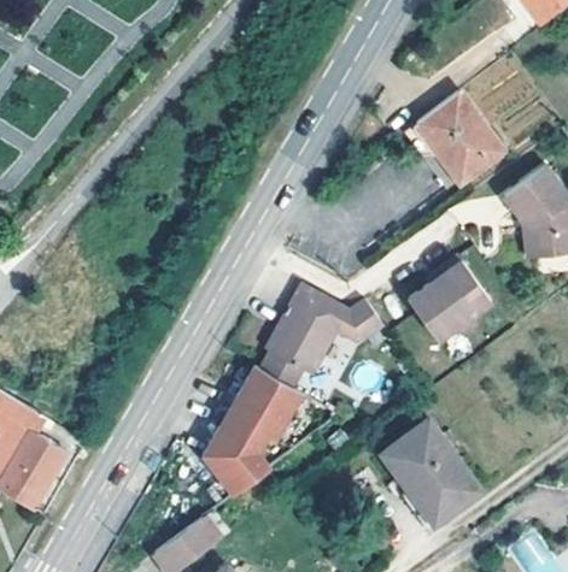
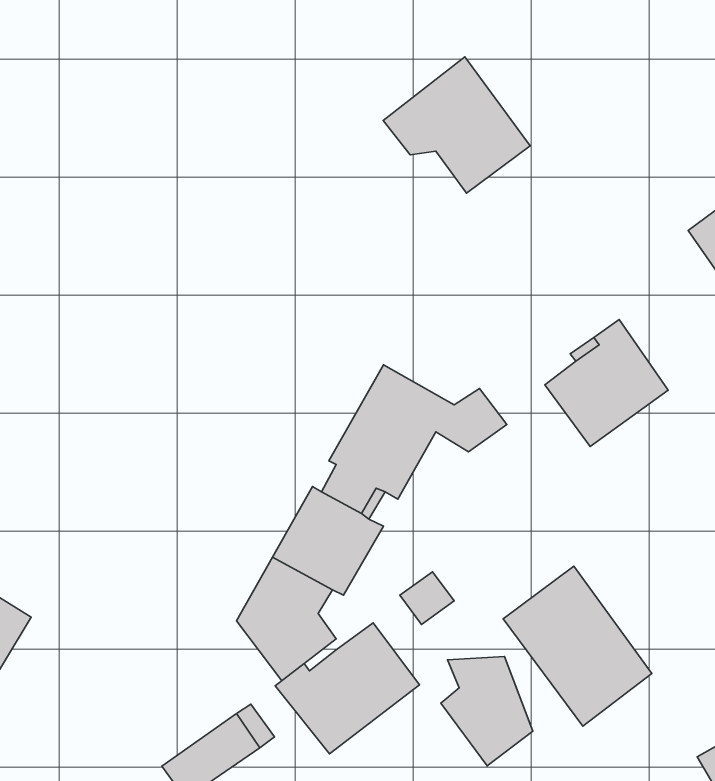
building: [404,92,502,182] -> [383,57,530,193]
building: none -> [275,623,420,754]
building: none -> [441,657,533,766]

